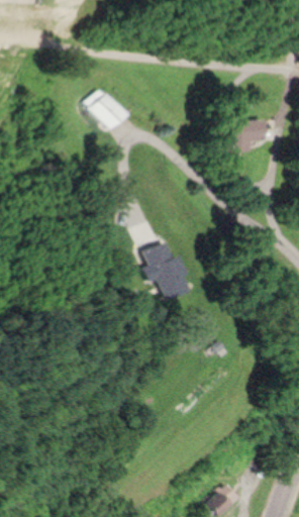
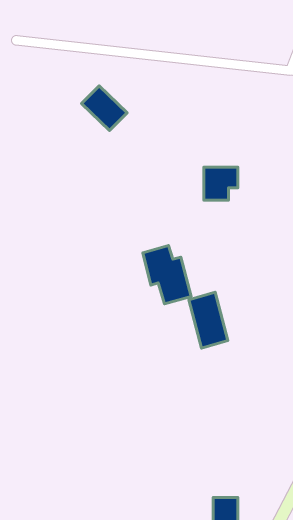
building: [226,120,260,152] -> [204,167,238,200]
building: none -> [189,292,228,348]

